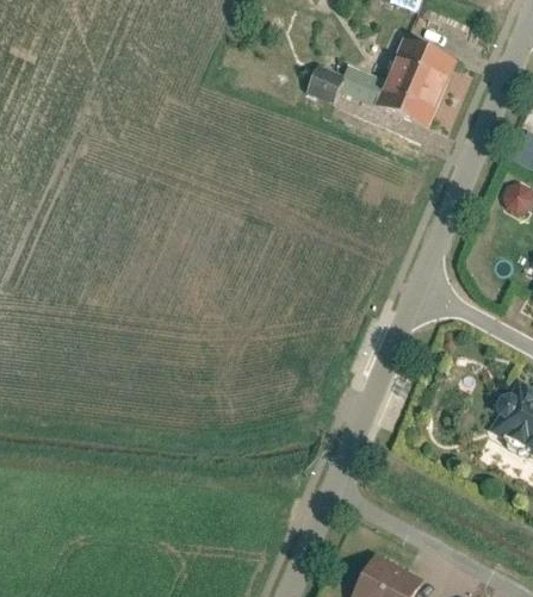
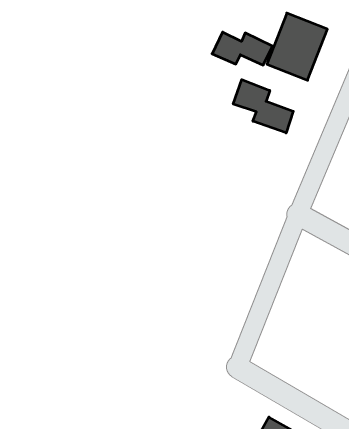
building: none -> [233,80,293,133]

